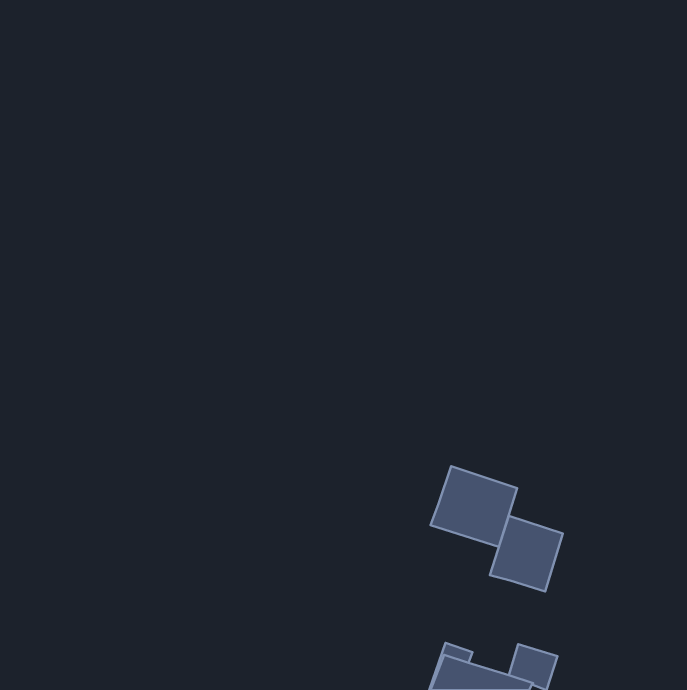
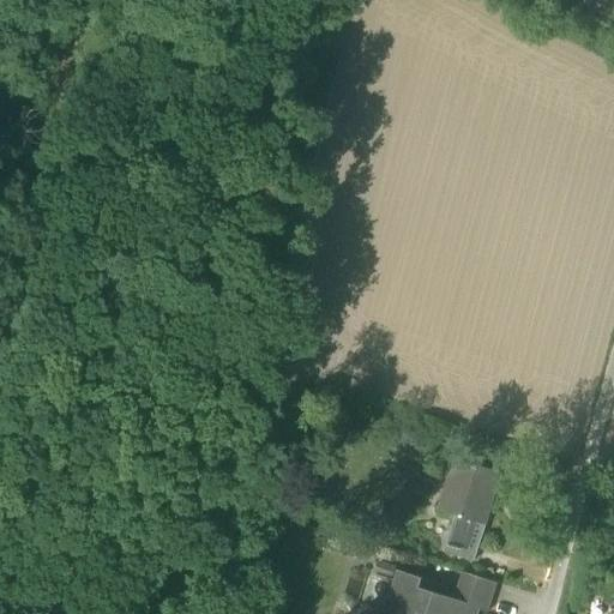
building: [431,466,517,547] -> none
building: none -> [443,516,484,562]

